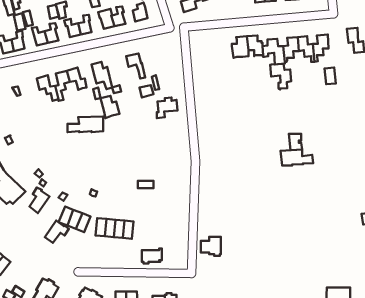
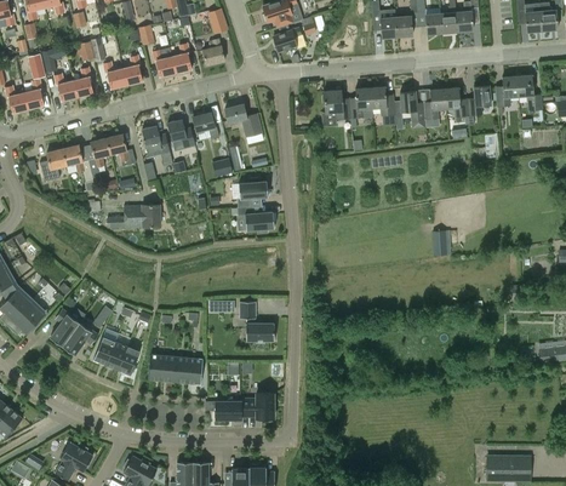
building: none -> [496,76,519,115]
building: none -> [324,90,350,120]
building: none -> [224,104,262,137]
building: [270,64,291,90] -> none
building: none -> [40,149,65,182]
building: [101,96,120,118] -> [167,119,195,151]
building: none -> [238,206,274,233]
building: [281,149,313,166] -> none
building: none -> [240,301,274,342]
building: [45,221,69,243] -> [63,322,98,355]
building: [201,237,221,256] -> [245,393,274,421]

